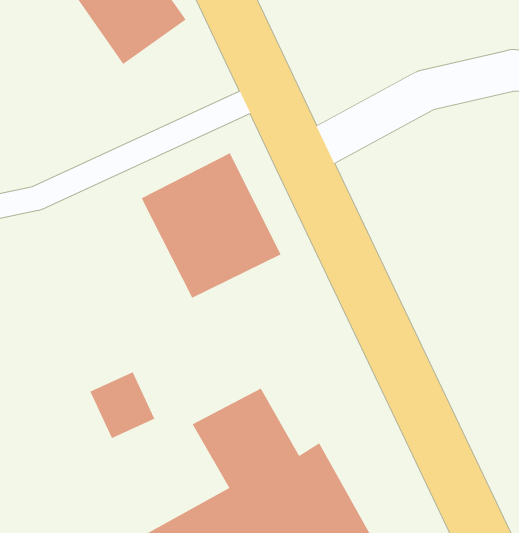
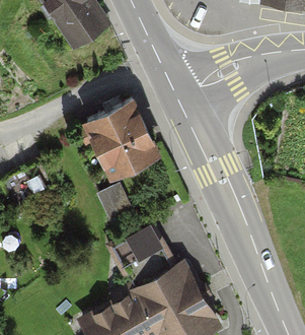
building: [89,371,155,439] -> [97,178,134,215]

